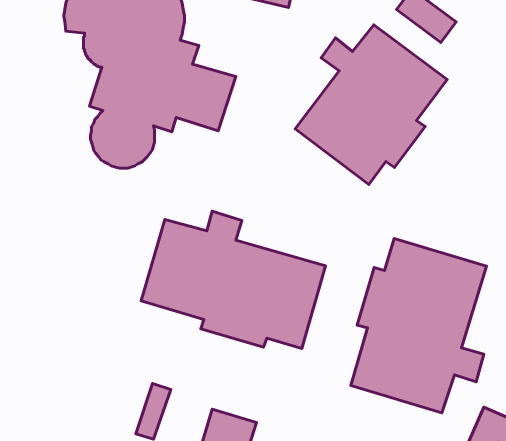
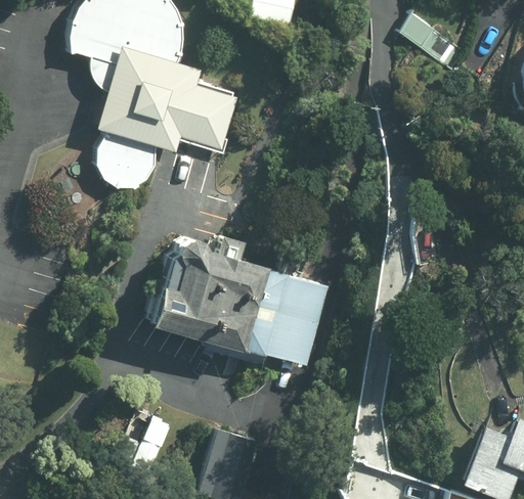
building: [295,25,447,184] -> none
building: [351,238,486,413] -> none

